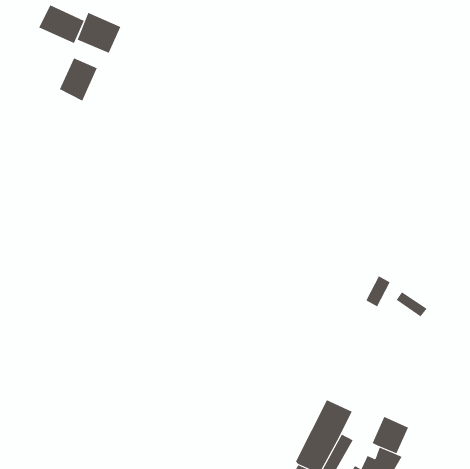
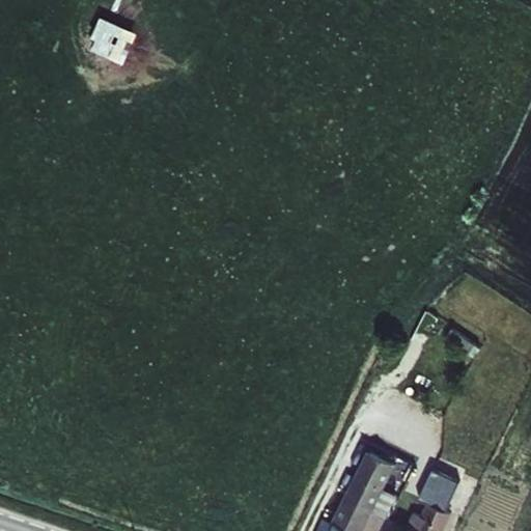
building: [39,5,85,44] -> none
building: [59,57,97,101] -> none

